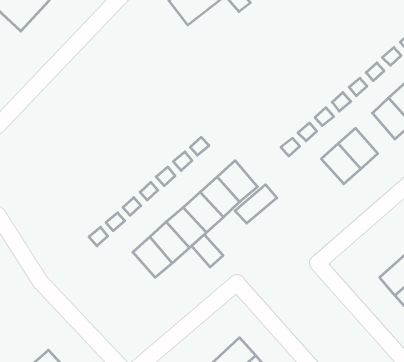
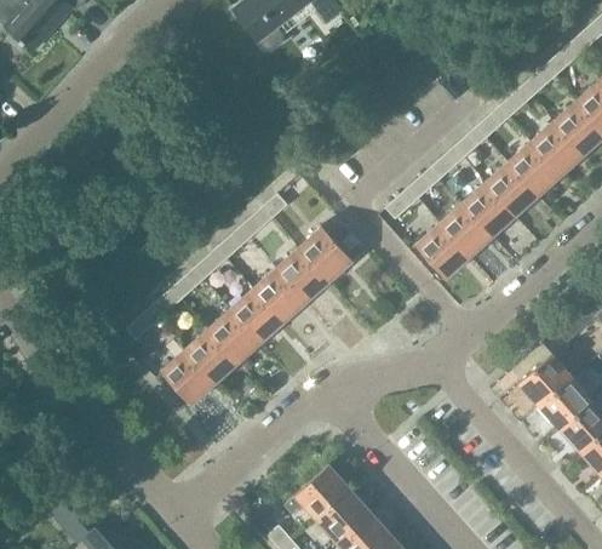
building: none -> [485,162,538,217]
building: none -> [414,224,469,280]
building: [235,185,277,223] -> none
building: [191,235,223,267] -> none
building: none -> [160,350,214,406]

